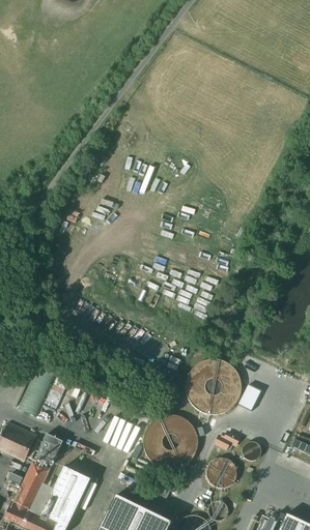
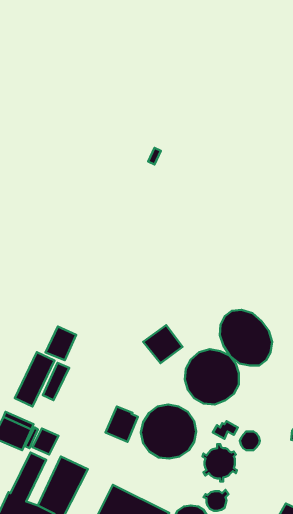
building: none -> [220,310,272,366]
building: none -> [143,325,182,363]
building: none -> [45,326,76,360]

